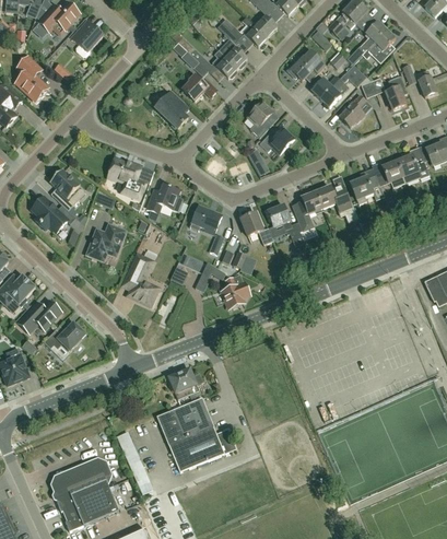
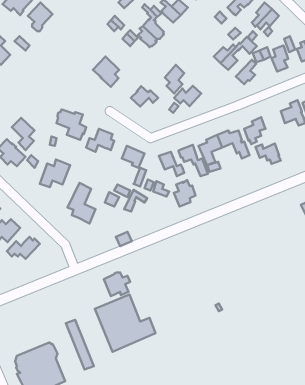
building: [287,51,326,81] -> none
building: [183,74,217,101] -> [131,86,158,106]
building: [373,161,405,187] -> [255,144,281,164]
building: [222,274,250,308] -> [174,180,196,206]

